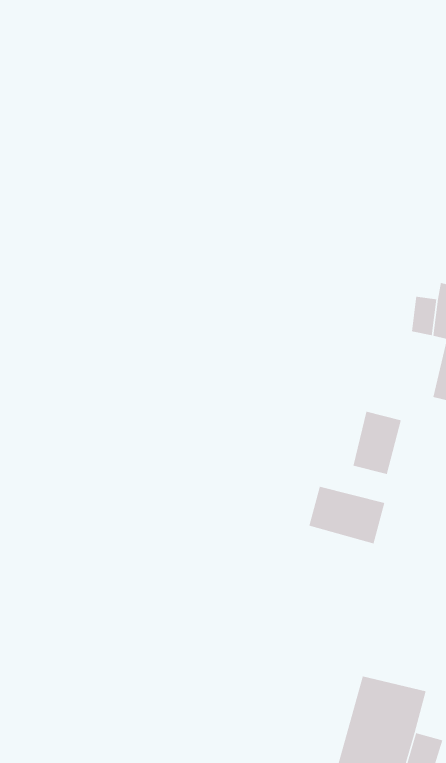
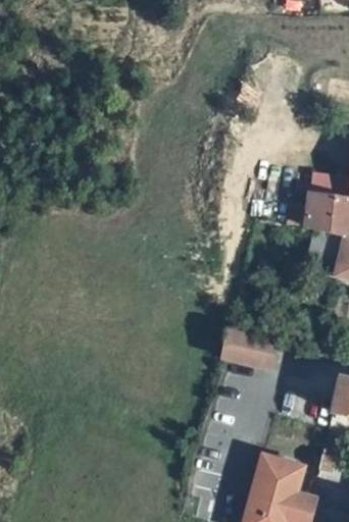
building: [353,411,401,475] -> none

